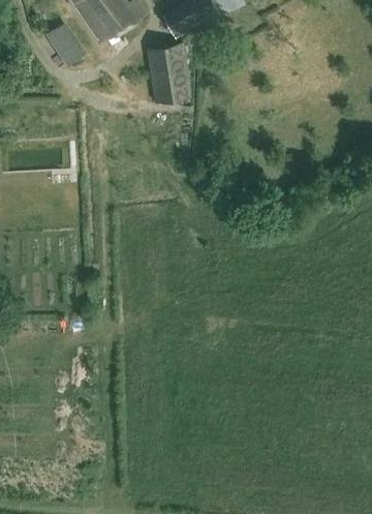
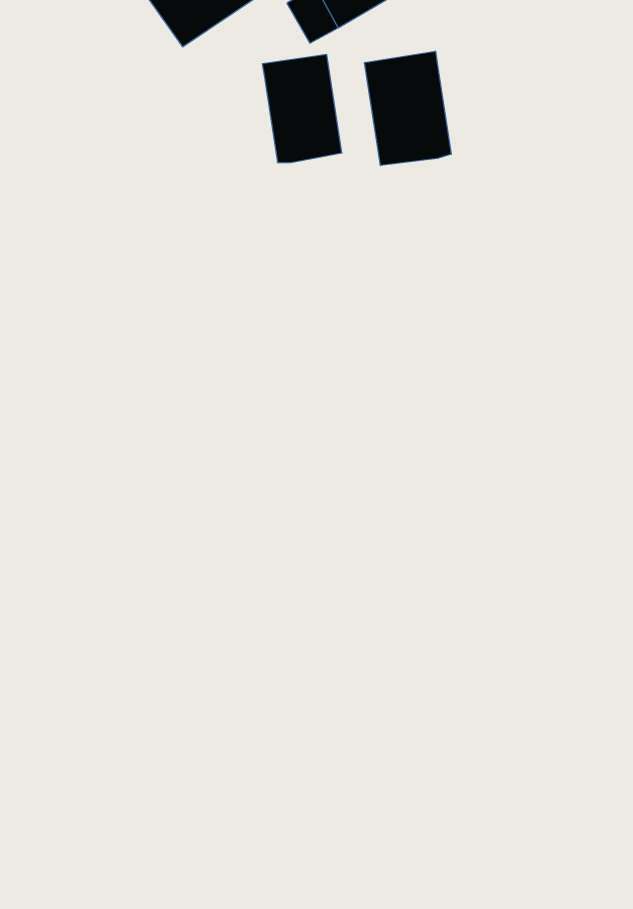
building: [44,21,85,65] -> none
building: none -> [365,51,451,166]

